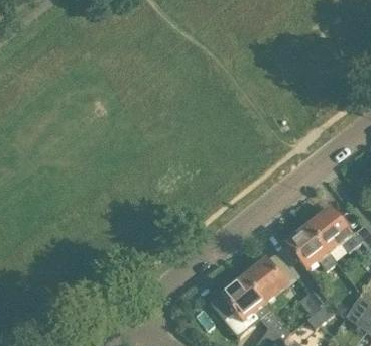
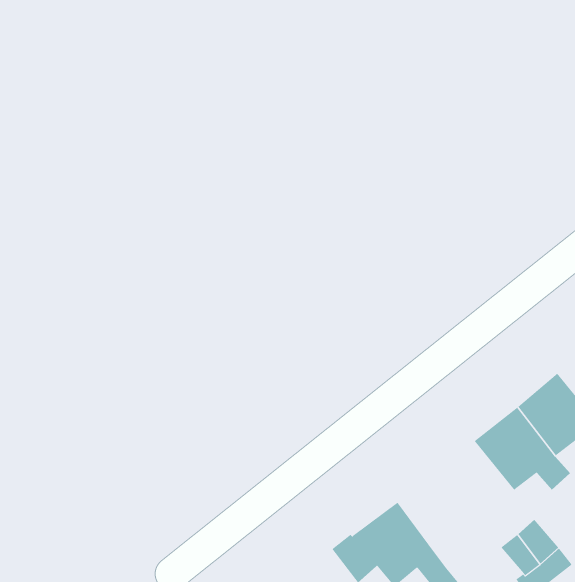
building: [246,257,294,310] -> none

